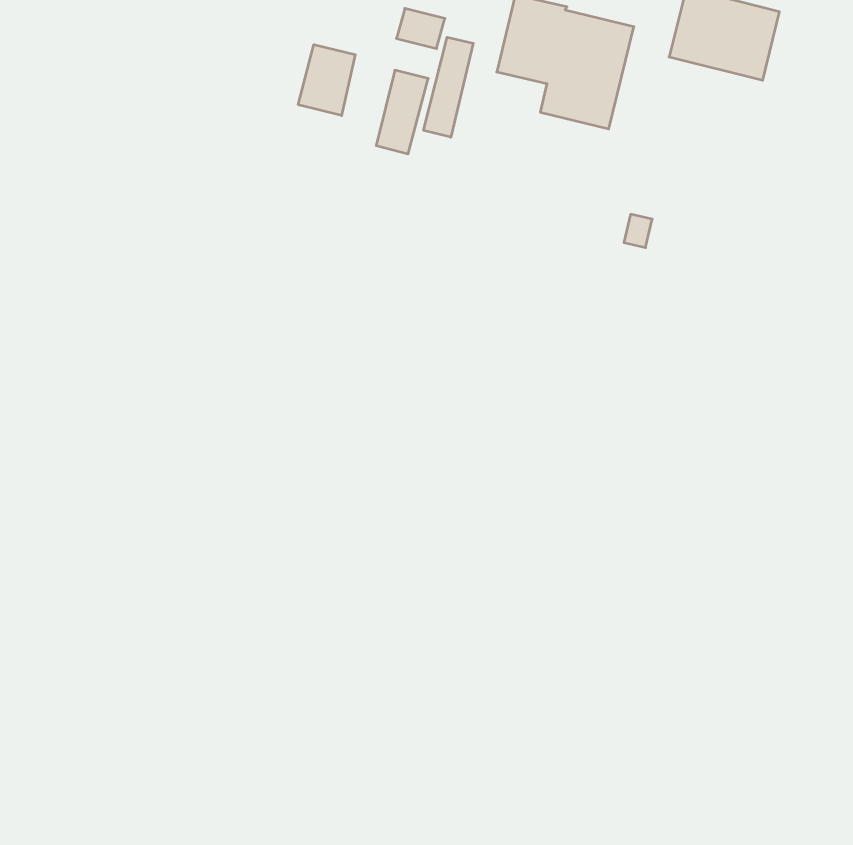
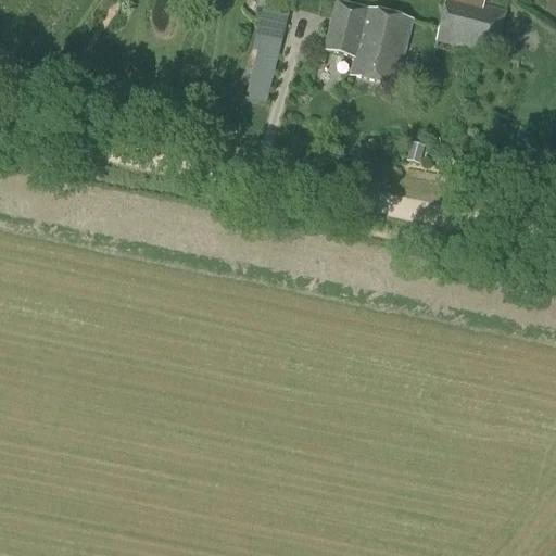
building: [424,37,473,137] -> none
building: [298,45,355,116] -> none

